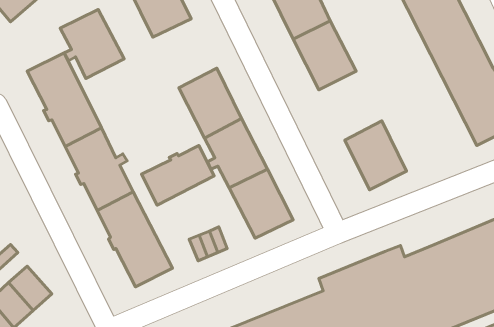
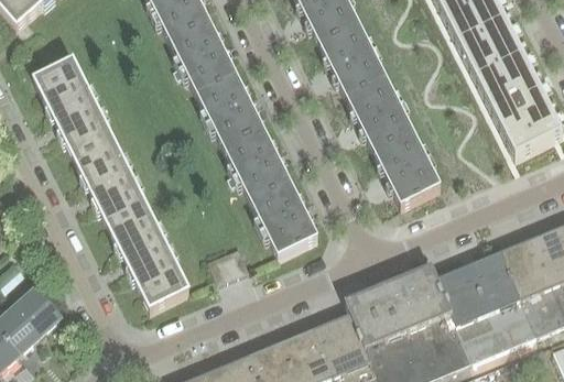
building: [60,9,124,79] -> [170,21,238,95]
building: none -> [347,77,414,151]
building: [142,145,214,205] -> none

